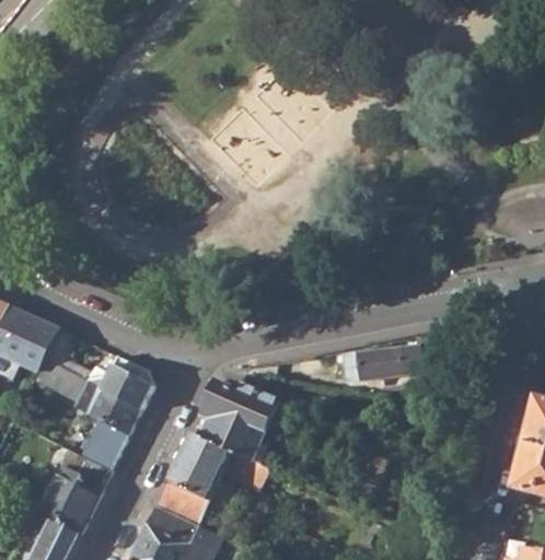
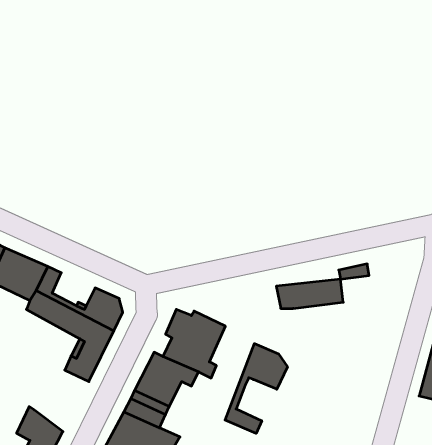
building: none -> [225,344,287,433]
building: [43,453,109,533] -> none

